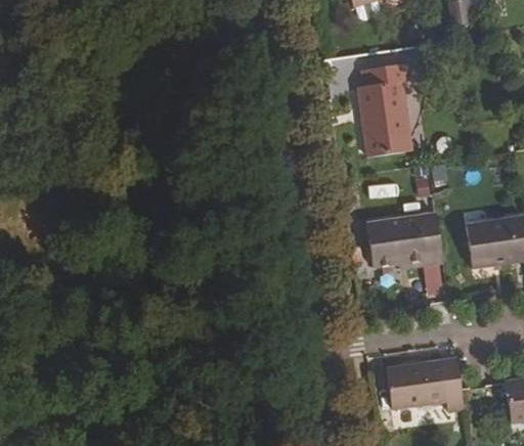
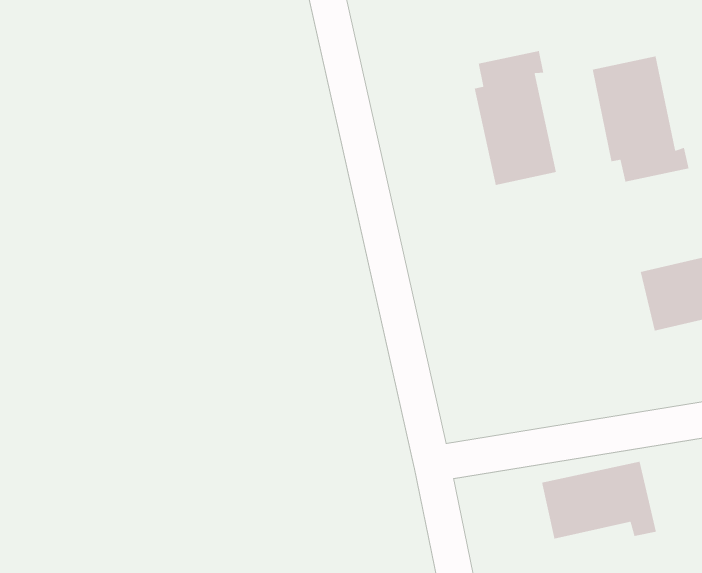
building: none -> [592,55,689,182]
building: [366,213,443,266] -> none

